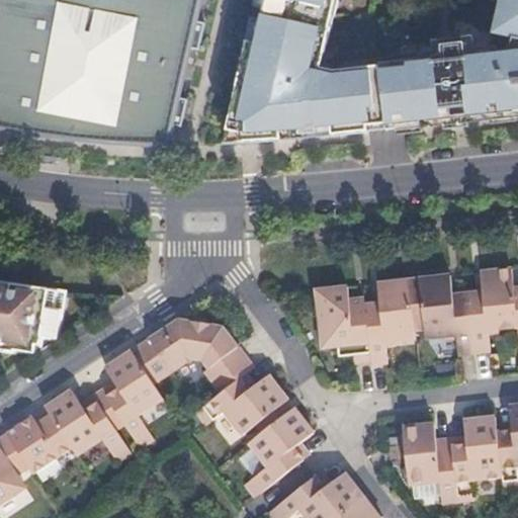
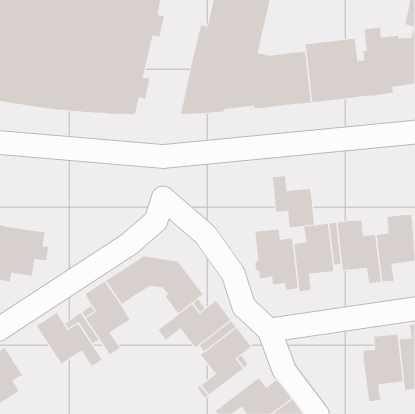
building: none -> [272,175,315,228]
building: [6,405,71,471] -> none
building: [402,421,457,501] -> none

